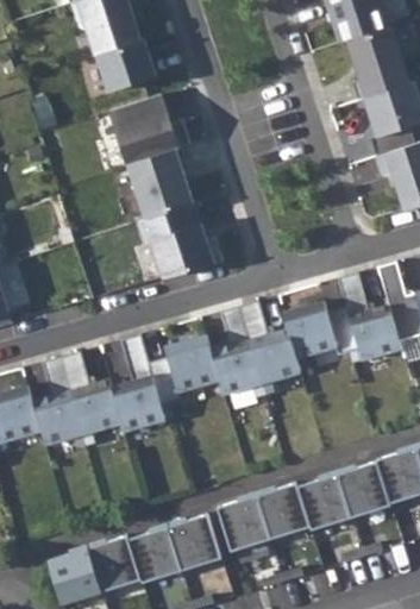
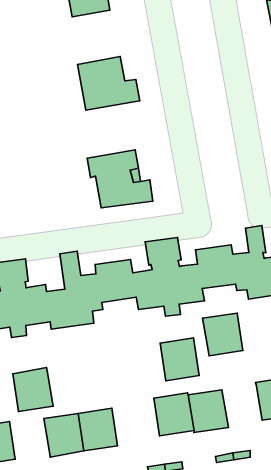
building: [95,38,156,92] -> none
building: [127,146,193,218] -> none
building: [337,463,390,519] -> [203,313,243,356]
building: [218,496,270,552] -> [160,338,199,381]
building: [88,535,142,592] -> [13,368,53,411]

